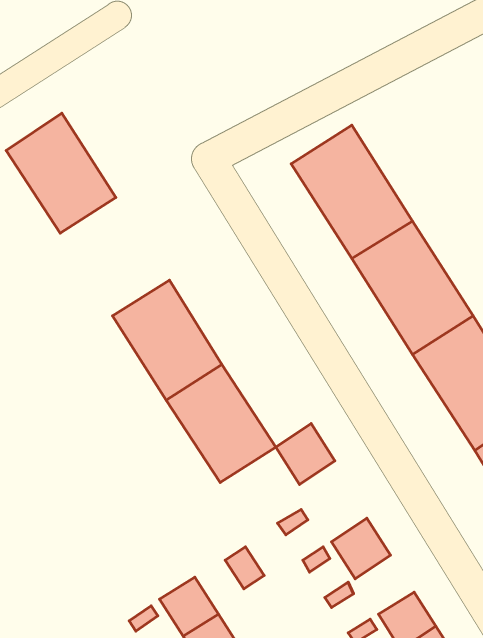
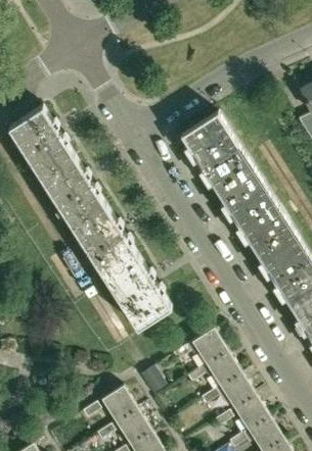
building: none -> [41,157,107,229]
building: [276,424,335,484] -> [191,329,227,365]
building: none -> [220,373,256,409]

